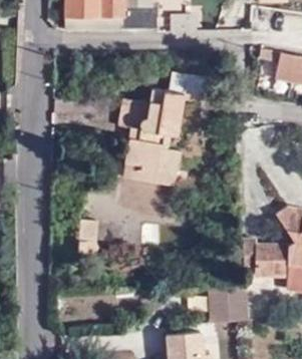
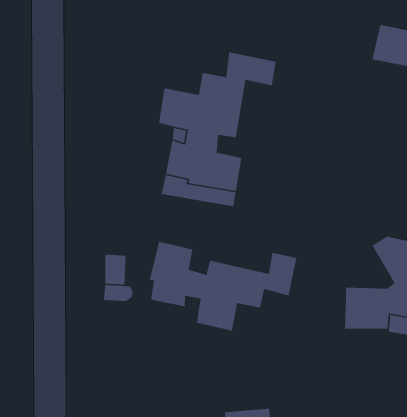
building: none -> [149,241,297,332]
building: [207,285,246,322] -> none

